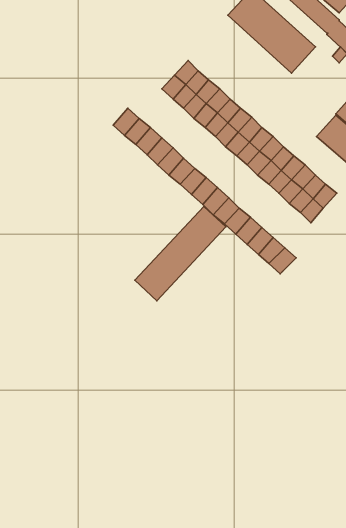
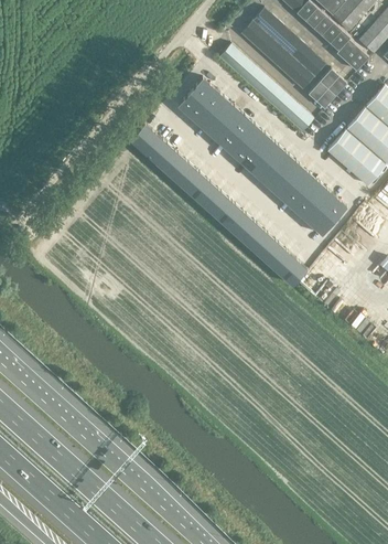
building: none -> [217,45,314,131]
building: none -> [309,71,346,108]
building: [135,206,226,301] -> none

